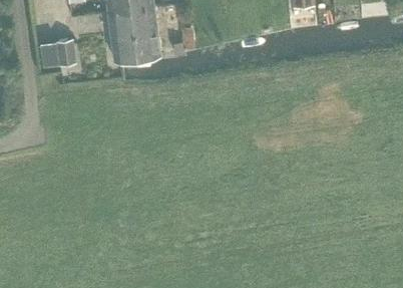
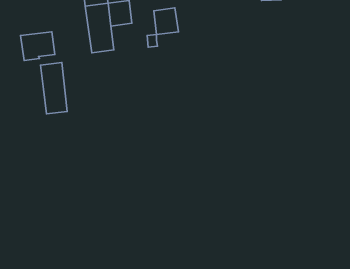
building: [134,28,160,56] -> [154,8,179,35]
building: none -> [40,62,67,114]

